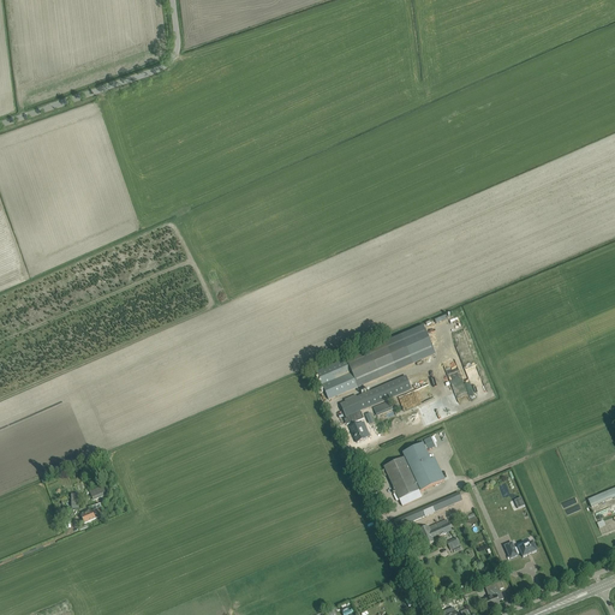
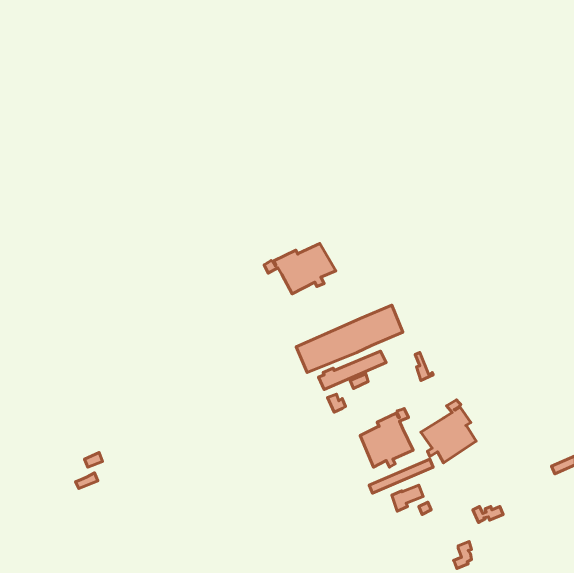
building: none -> [264,243,336,294]
building: none -> [421,400,476,463]

